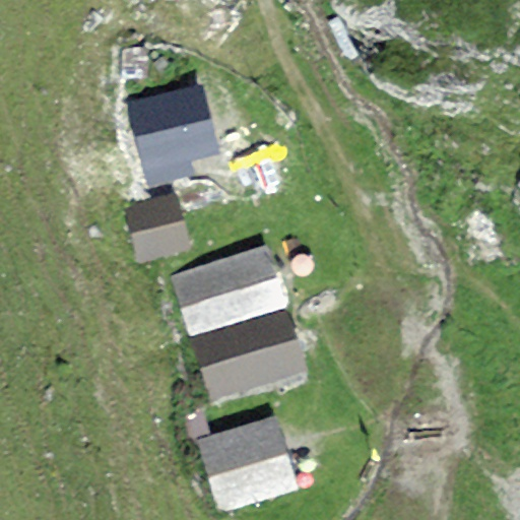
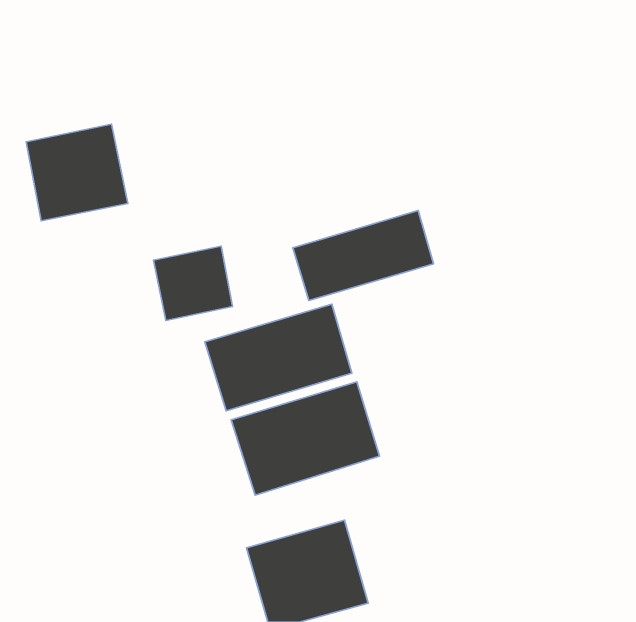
building: [136,89,218,168] -> [26,124,128,221]
building: none -> [293,211,433,301]

